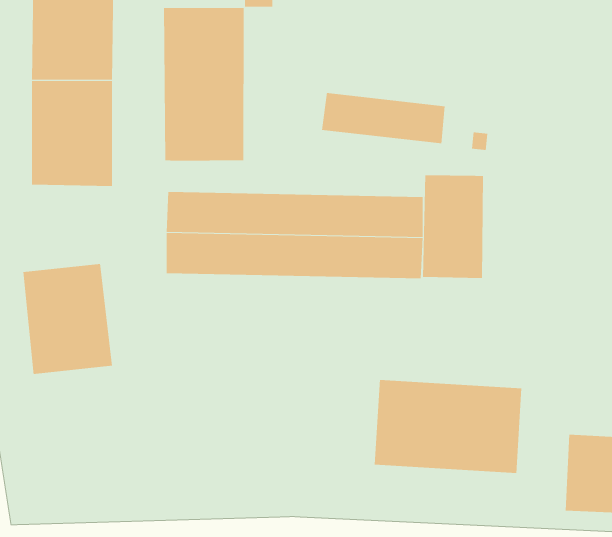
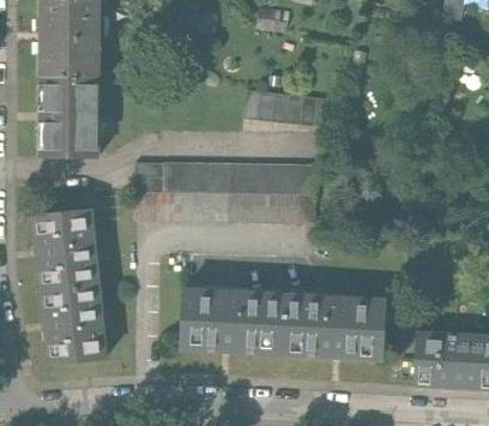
building: [164,7,244,161] -> none
building: [422,174,483,279] -> none
building: none -> [41,283,104,362]
building: none -> [180,287,284,353]

